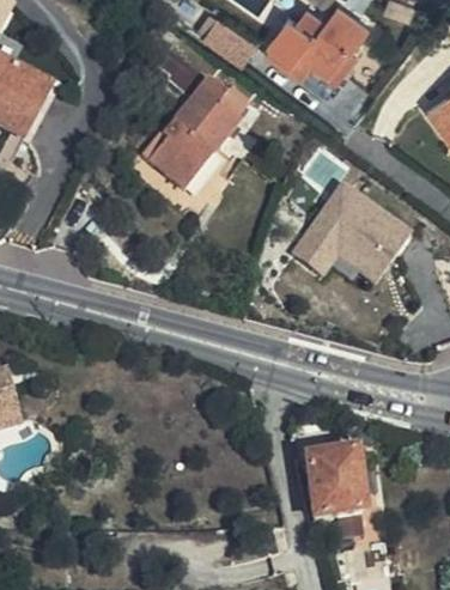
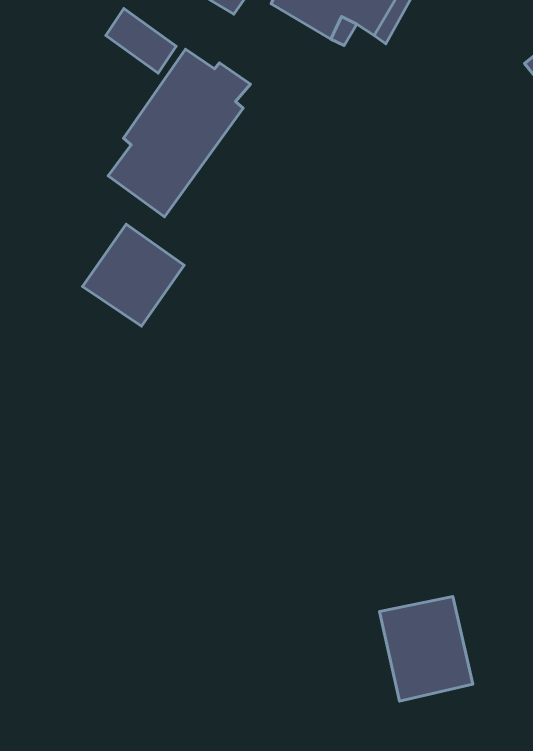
building: [293,181,411,279] -> none
building: none -> [83,224,184,326]

